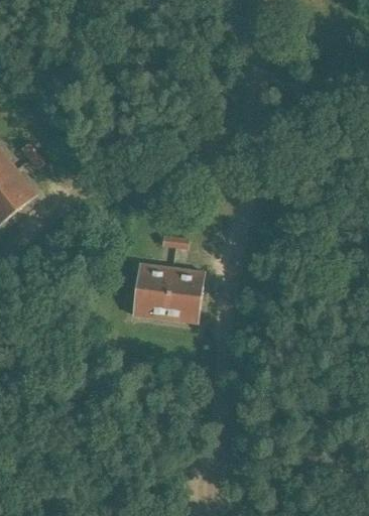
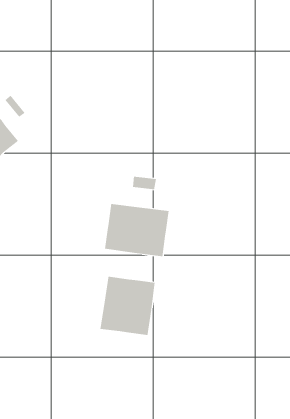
building: none -> [100,276,155,336]

